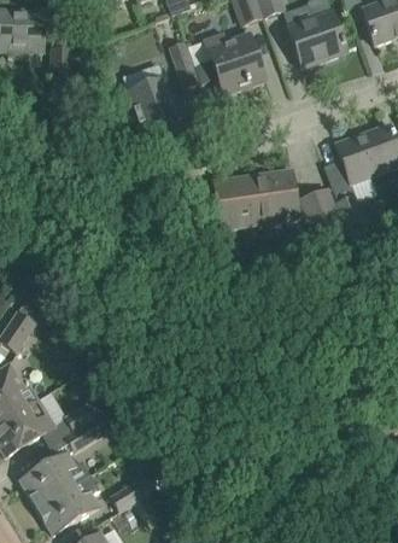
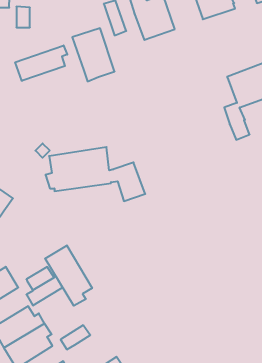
building: none -> [15,45,67,81]
building: [209,169,343,241] -> [45,147,145,201]
building: none -> [45,245,92,306]

